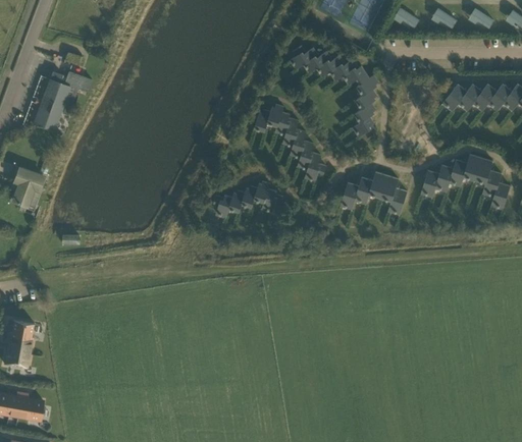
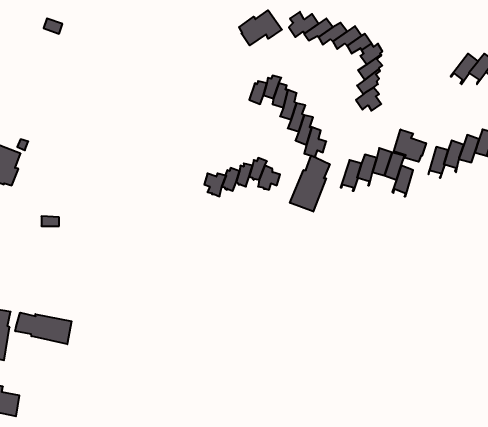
building: none -> [239,10,282,45]
building: [34,70,92,130] -> none
building: none -> [394,129,426,162]
building: none -> [290,156,330,212]
building: none -> [15,313,72,344]

